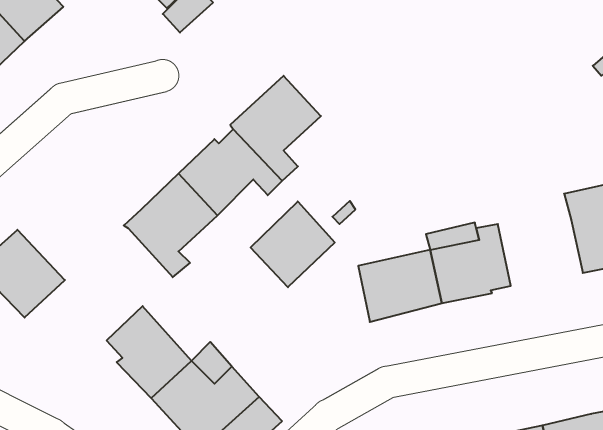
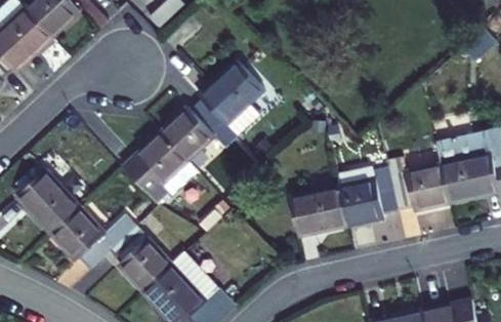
building: [251,201,335,287] -> none
building: none -> [388,157,450,210]
building: none -> [52,206,136,269]

